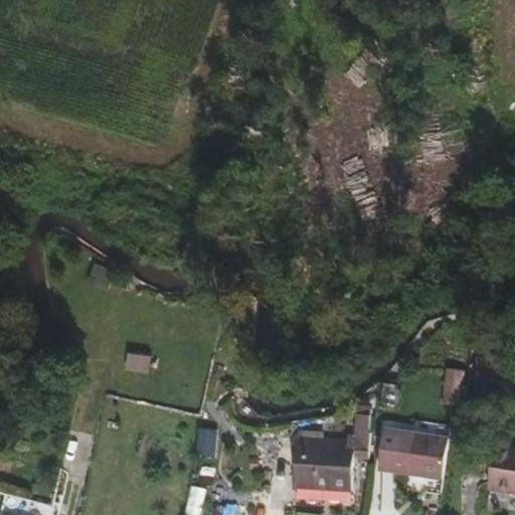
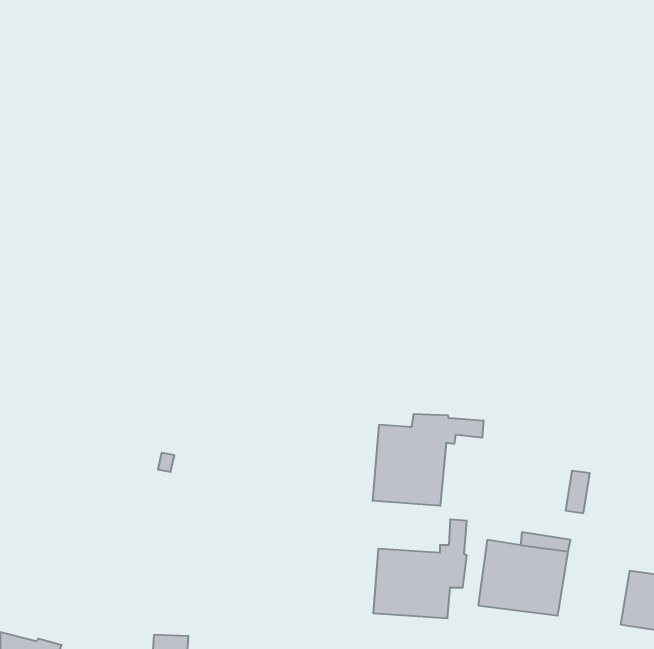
building: none -> [373,414,484,506]

